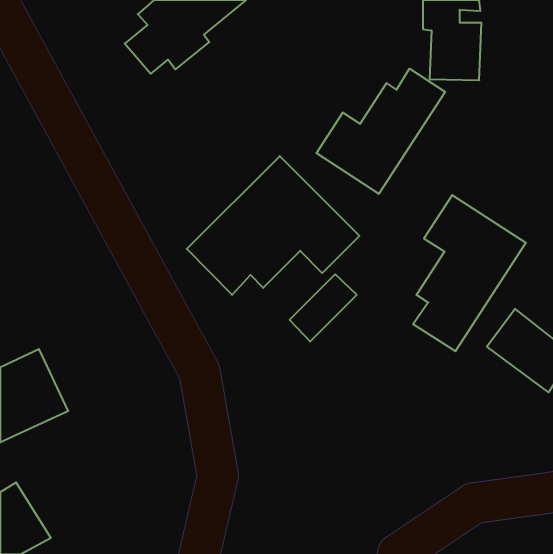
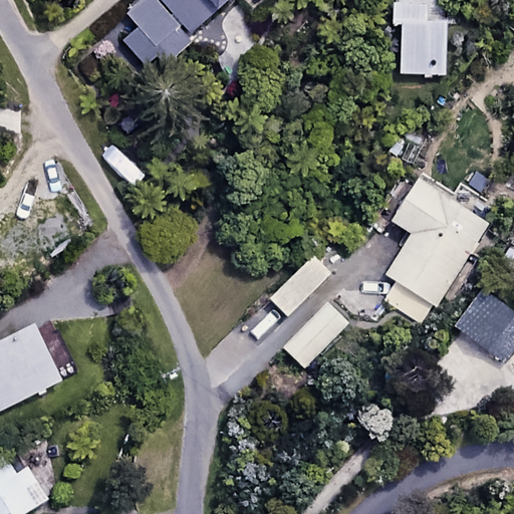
building: [316,69,445,194] -> none
building: [187,156,359,295] -> none
building: none -> [284,302,348,367]

